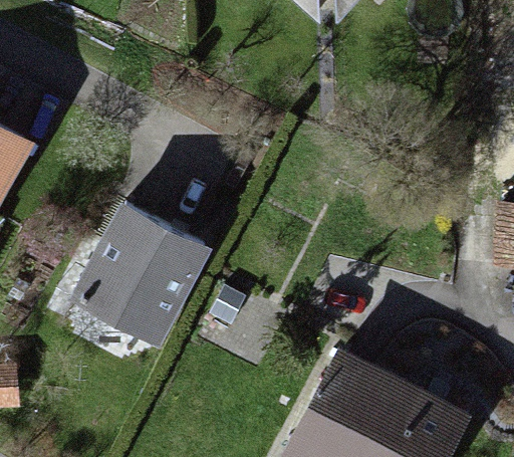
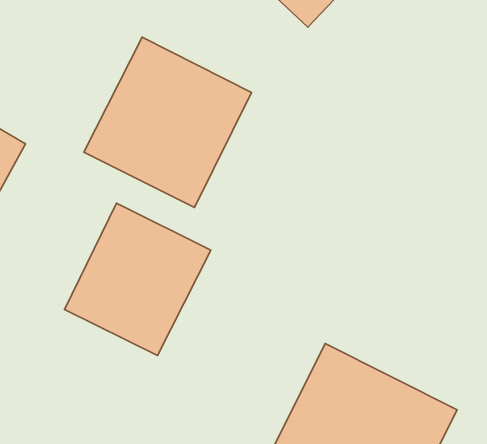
building: none -> [84,37,251,208]

